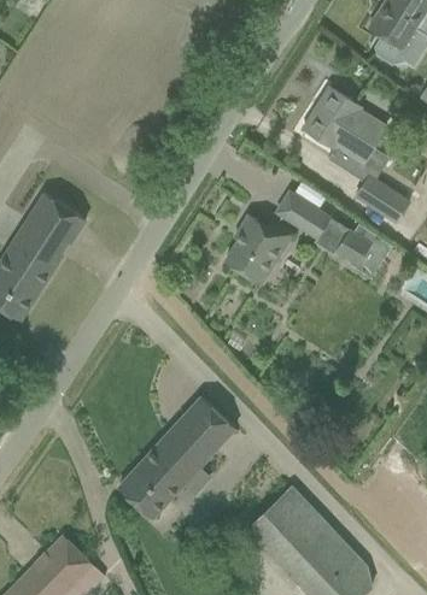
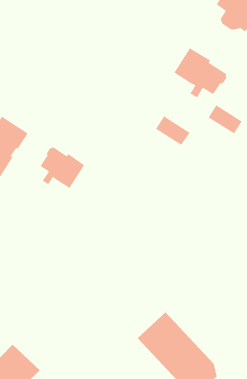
building: [226,216,294,284] -> none
building: [339,223,392,278] -> none
building: none -> [40,146,85,189]
building: [118,396,235,518] -> none

